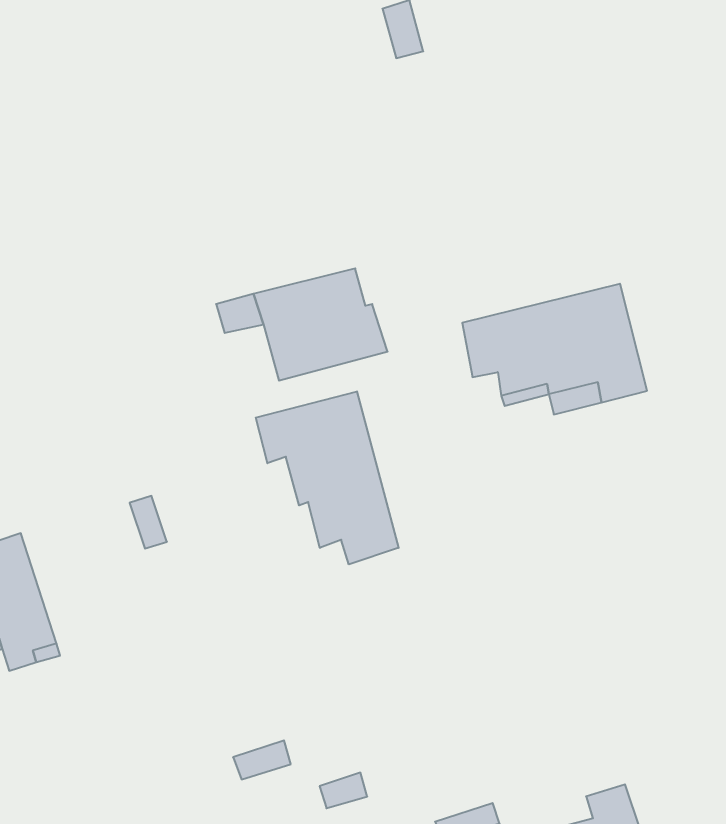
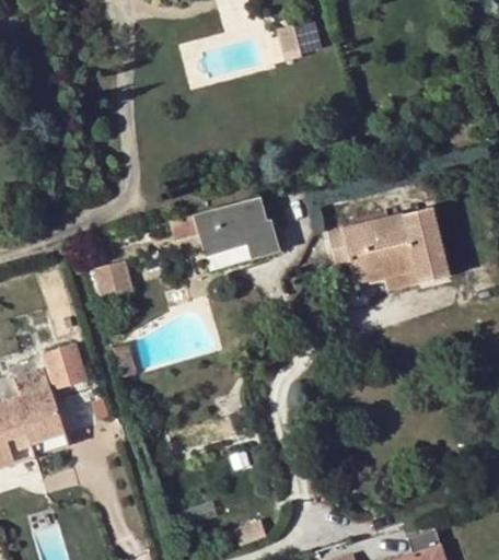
building: none -> [93,259,129,298]
building: [256,391,399,564] -> none
building: none -> [44,342,88,390]

